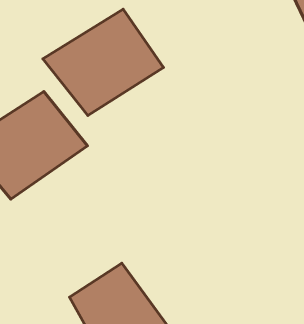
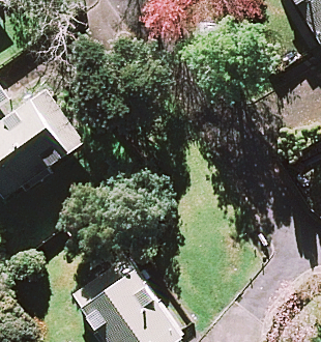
building: [43,9,164,115] -> none

